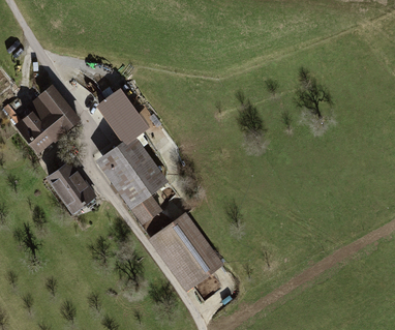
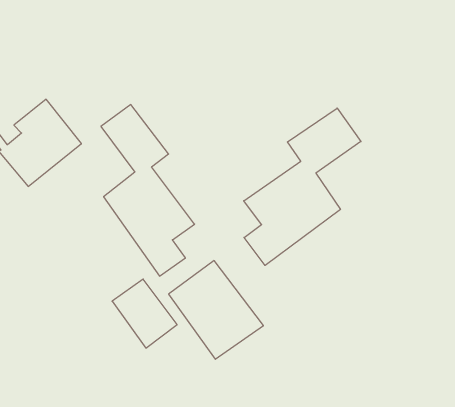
building: none -> [244,108,361,265]
building: [44,159,96,214] -> [112,279,177,348]

